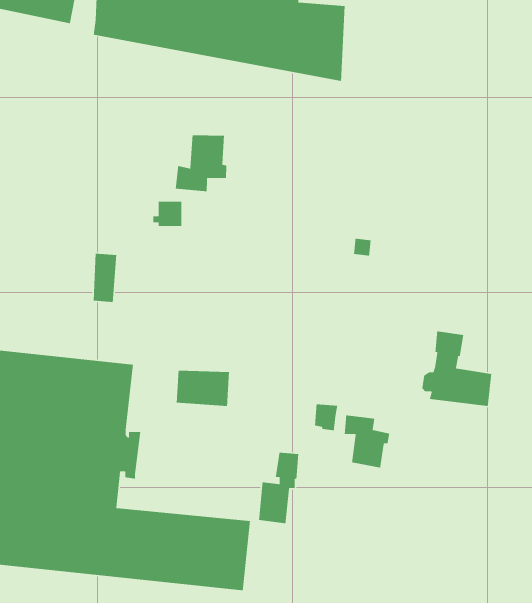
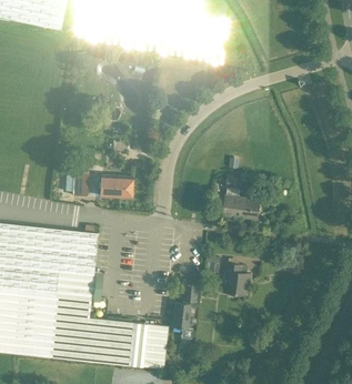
building: [175,134,227,192] -> none
building: [422,331,492,407] -> [218,173,260,219]
building: [176,370,230,407] -> [100,174,132,196]

